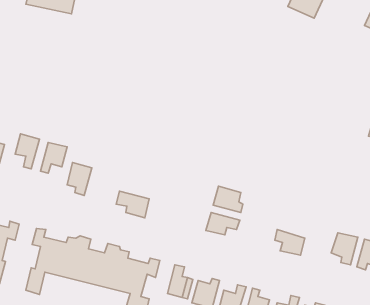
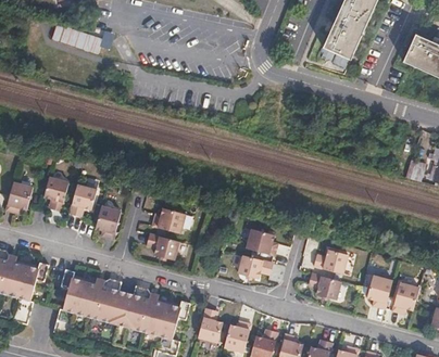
building: none -> [152,207,187,233]
building: none -> [313,250,347,273]

